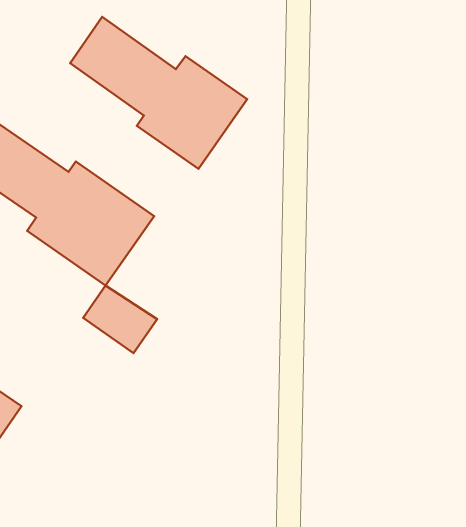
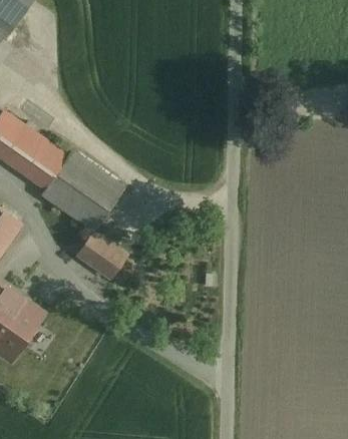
building: [70,17,247,169] -> none

